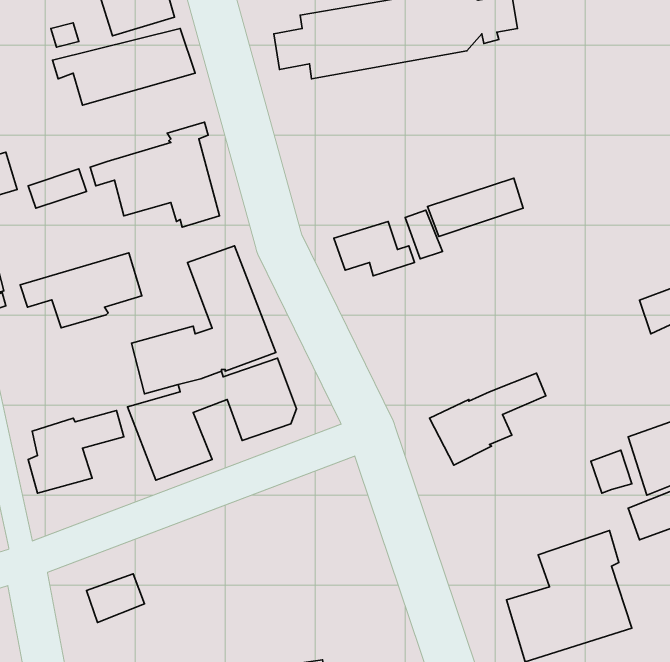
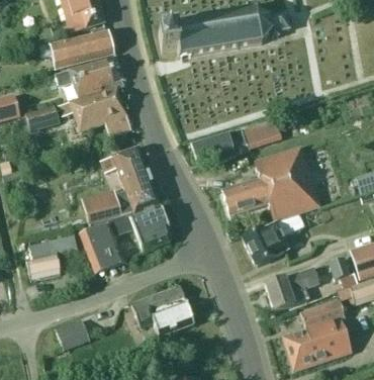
building: none -> [222,147,319,219]
building: [20,253,142,328] -> [56,56,121,96]
building: none -> [266,267,319,310]
building: none -> [131,286,194,336]

